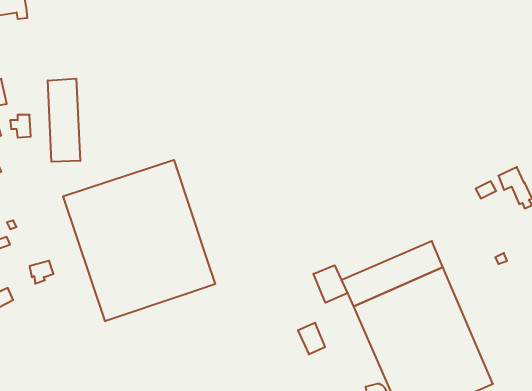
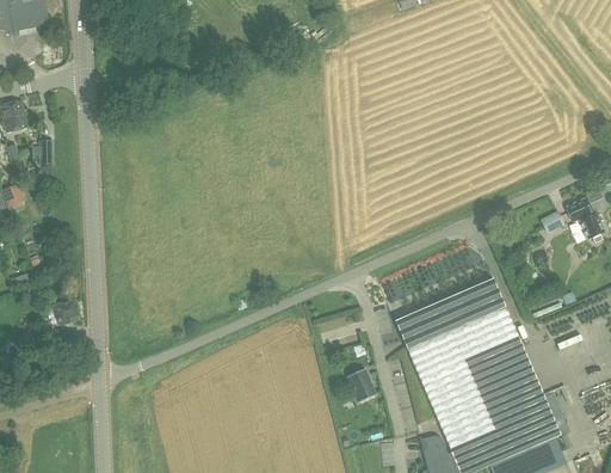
building: [48,79,80,162] -> none
building: [63,160,215,321] -> none
building: [313,265,347,303] -> none

